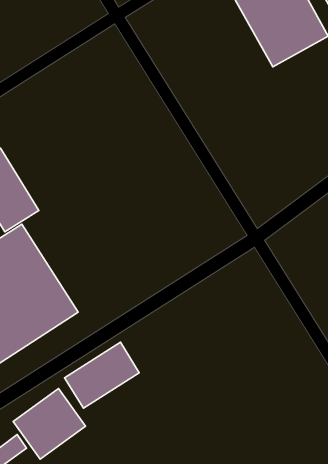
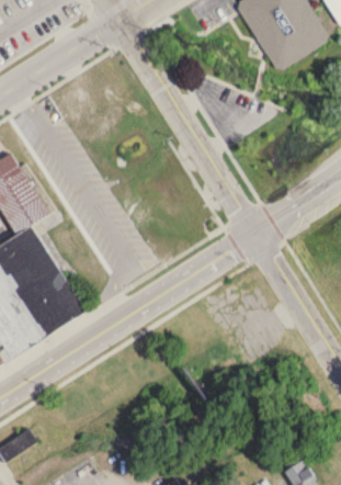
building: [64,342,139,408] -> none
building: [13,389,85,459] -> none

